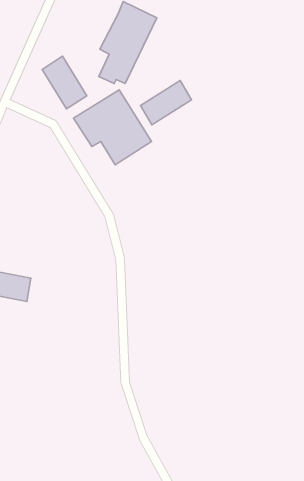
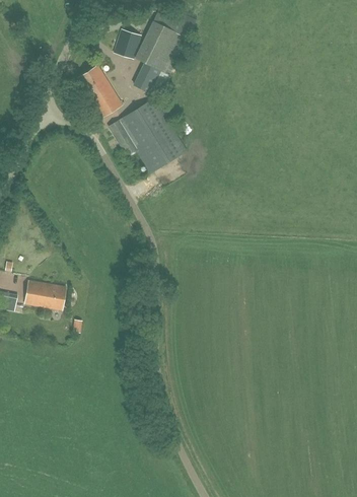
building: none -> [113,29,140,58]
building: [140,81,192,125] -> none

